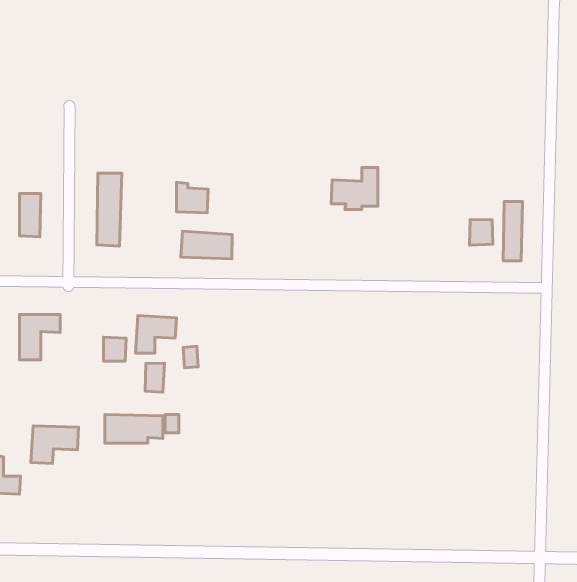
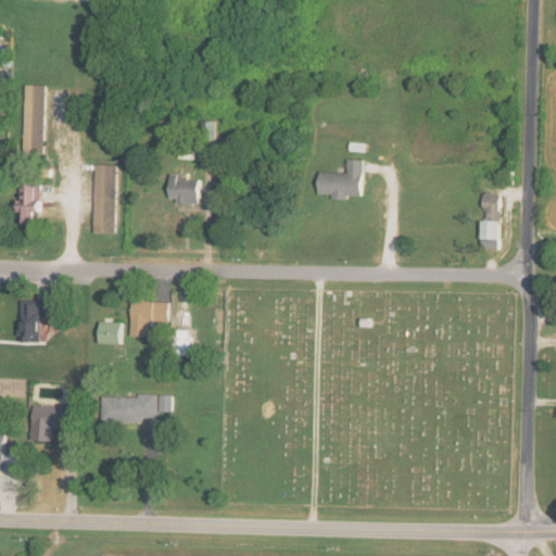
building: none -> [22,85,45,154]
building: [470,219,493,245] -> none
building: [181,231,232,259] -> none
building: [145,363,164,392] -> none

